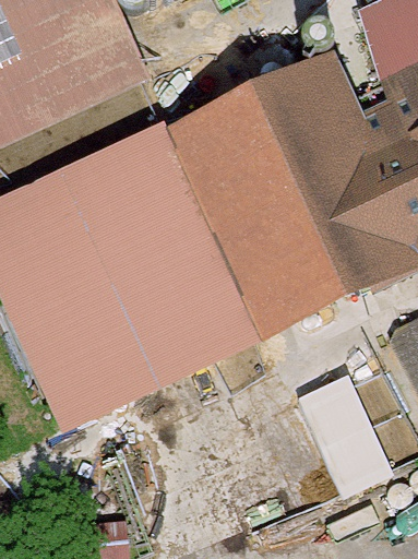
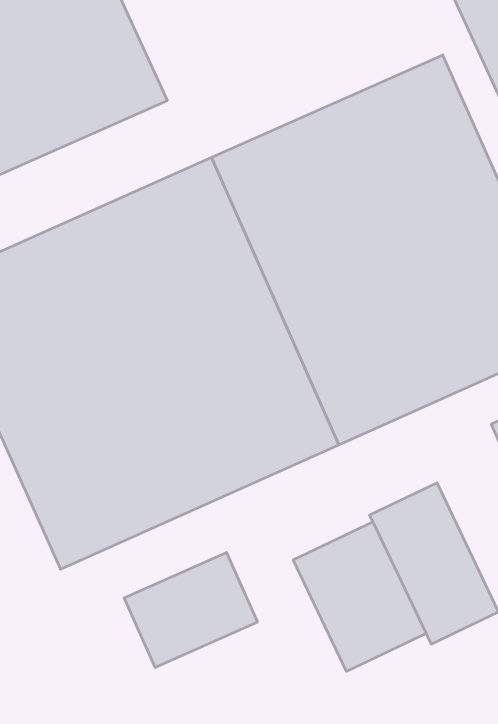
building: none -> [293,522,426,671]
building: none -> [124,552,257,668]

